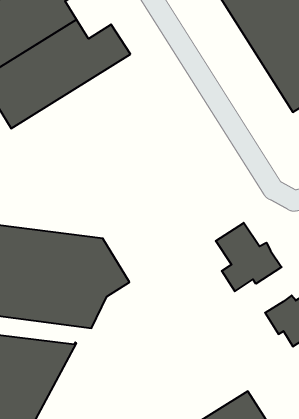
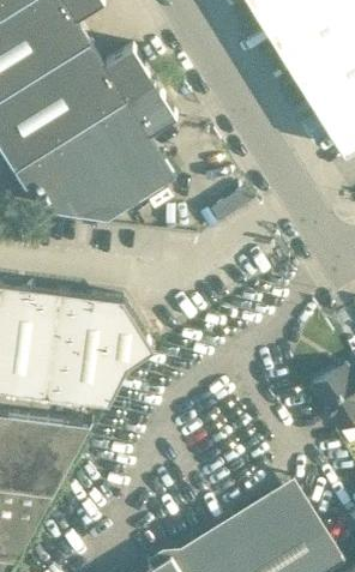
building: none -> [14,84,176,221]
building: [216,223,282,291] -> none

